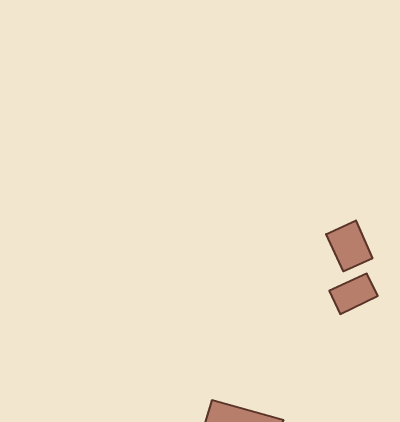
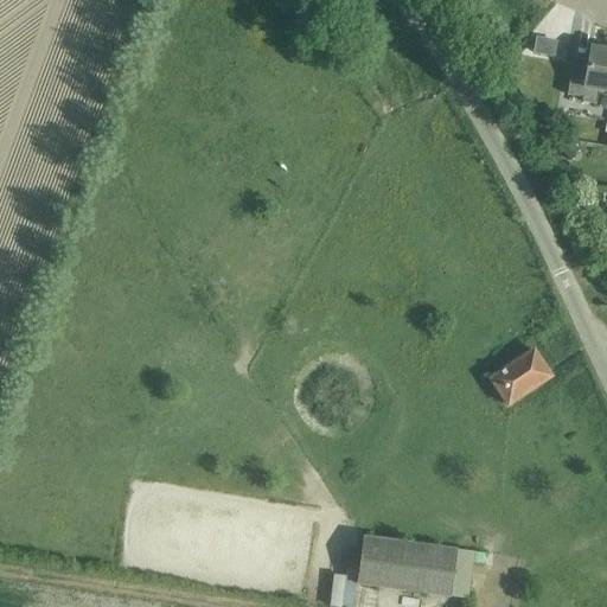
building: [326,220,372,271] -> none

